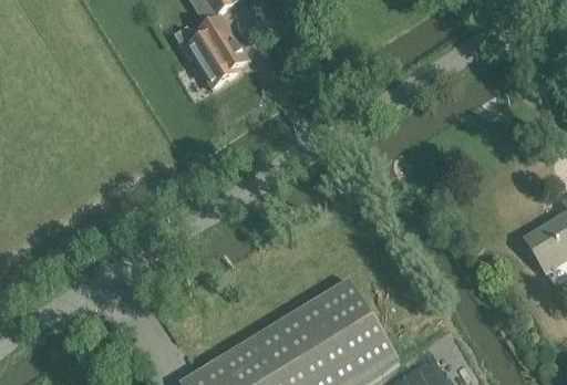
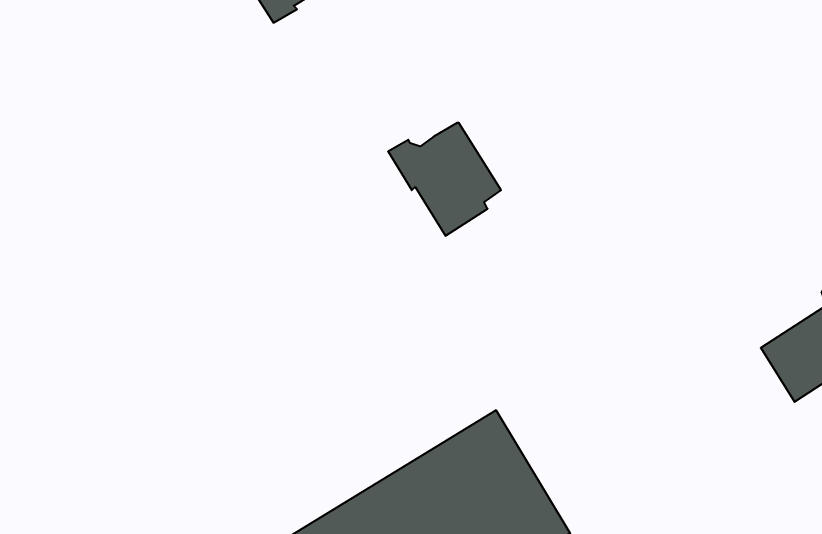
building: [175,15,249,90] -> [388,123,501,236]

